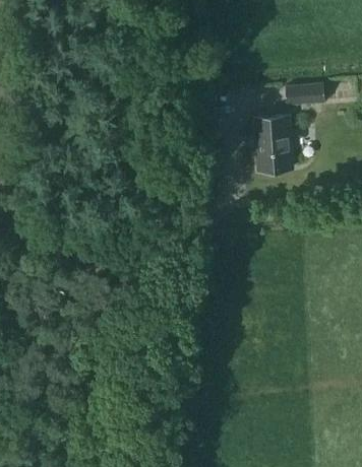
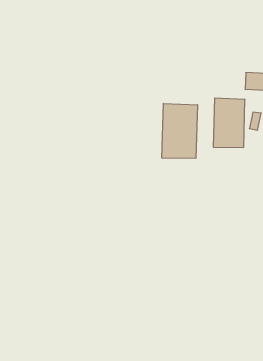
building: none -> [162,103,197,158]

